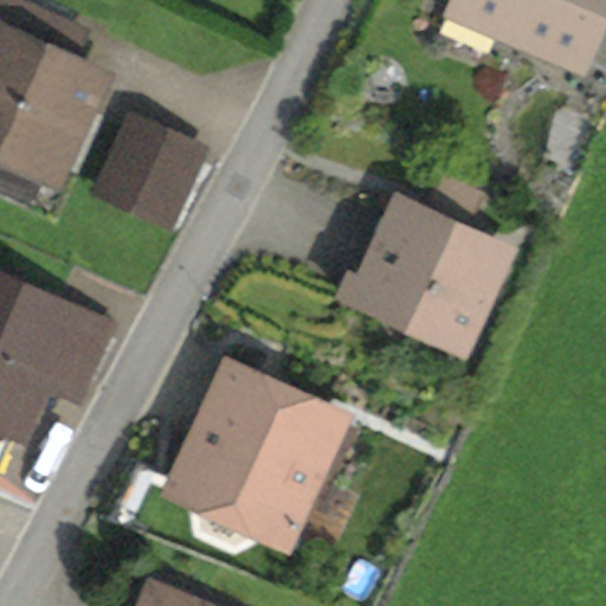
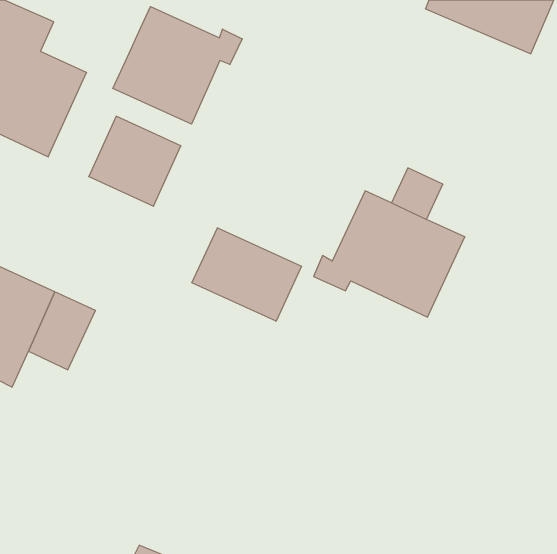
building: none -> [113,7,242,124]
building: none -> [192,228,301,321]
building: [176,379,334,539] -> none

